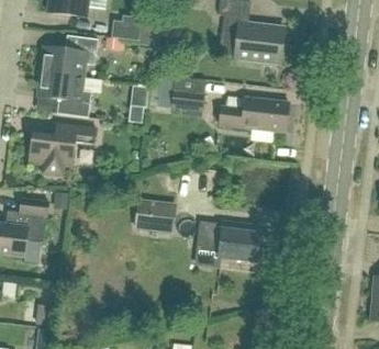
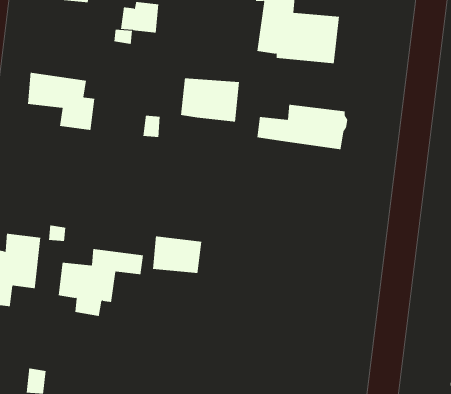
building: [40,35,98,77] -> none
building: [29,122,97,176] -> [58,248,144,316]
building: [197,221,259,260] -> none

